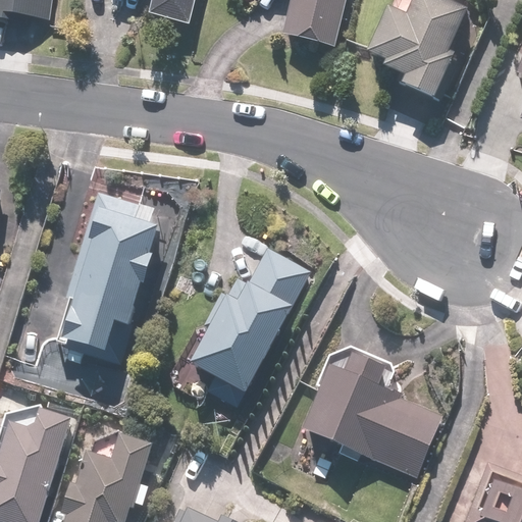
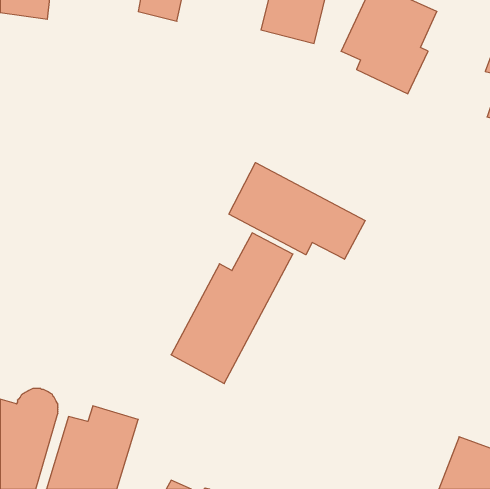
building: none -> [229,163,365,259]
building: [55,178,163,359] -> none
building: [302,355,443,475] -> none

